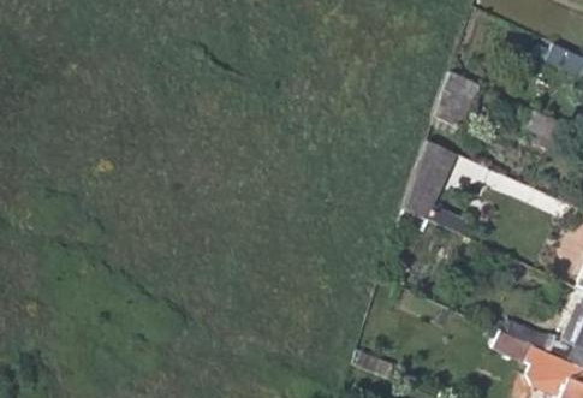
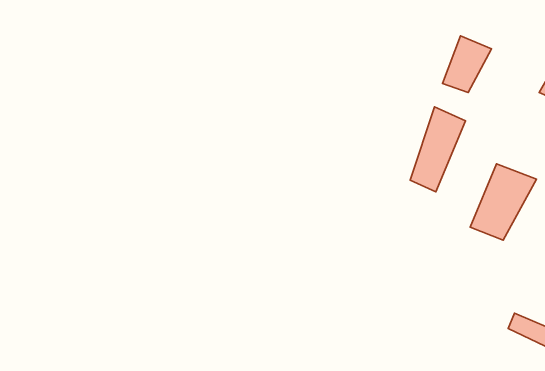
building: none -> [470,164,536,240]

